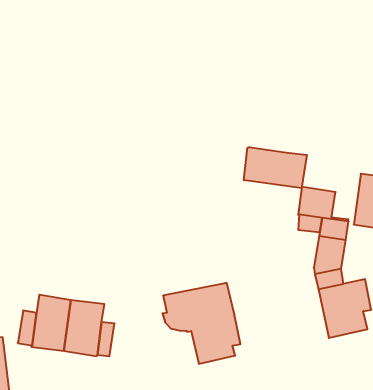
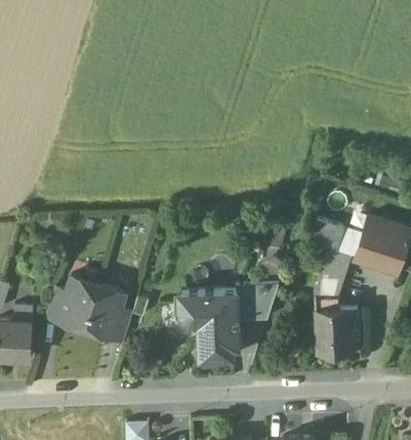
building: [244,147,307,188] -> none
building: none -> [235,285,278,321]

